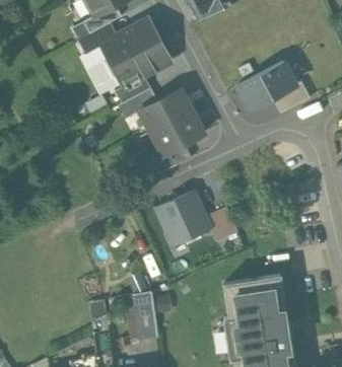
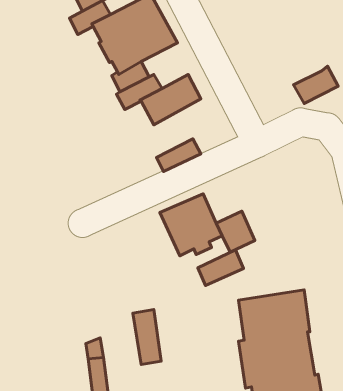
building: [237,62,296,109] -> none
building: [151,109,205,155] -> none
building: none -> [198,250,244,285]

